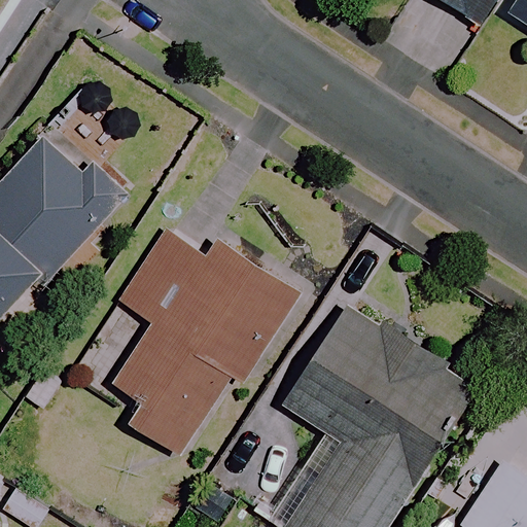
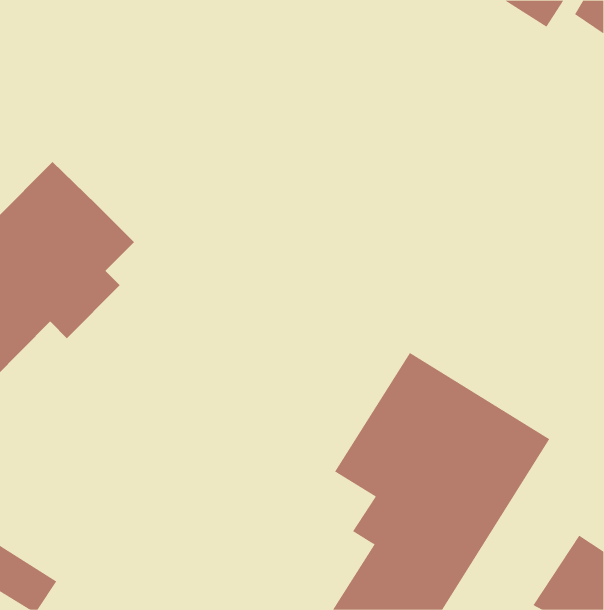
building: [115,232,296,450] -> none

